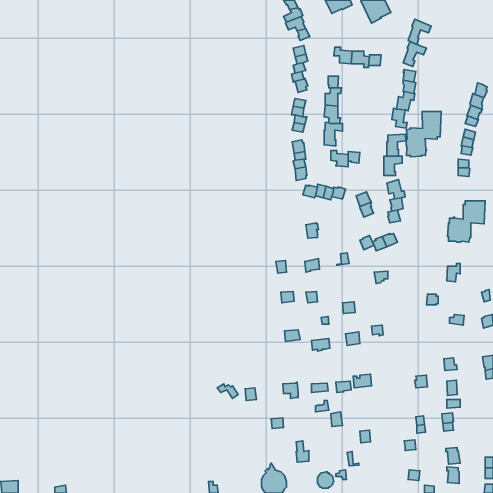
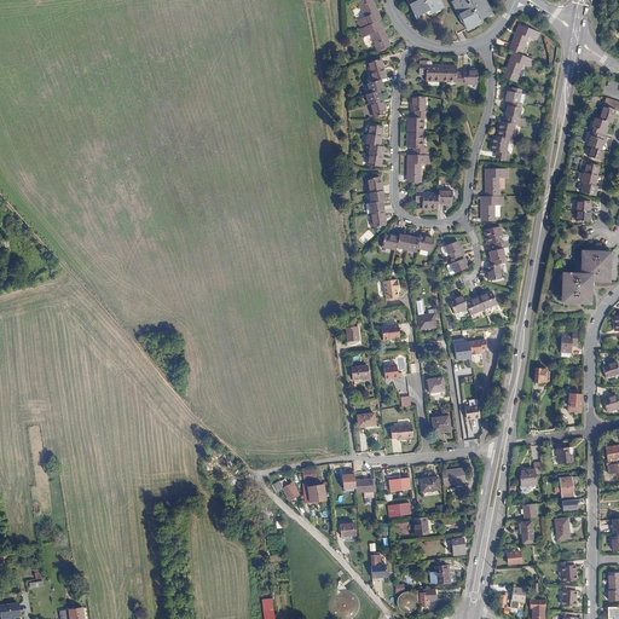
building: [406,111,441,157] -> none

